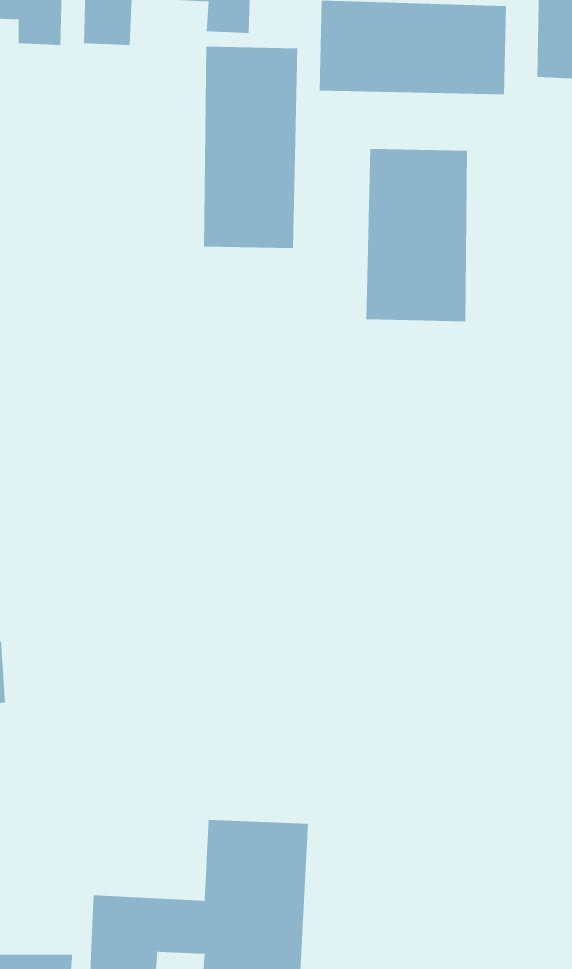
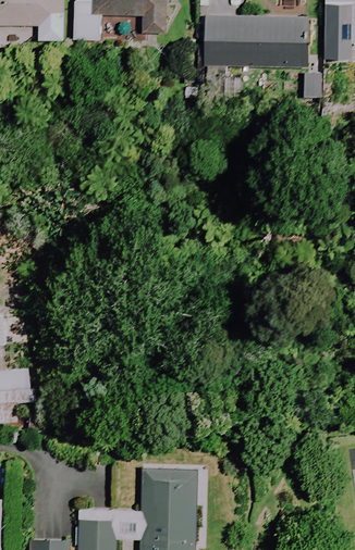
building: [203,46,298,249] -> none
building: [366,148,468,322] -> none

